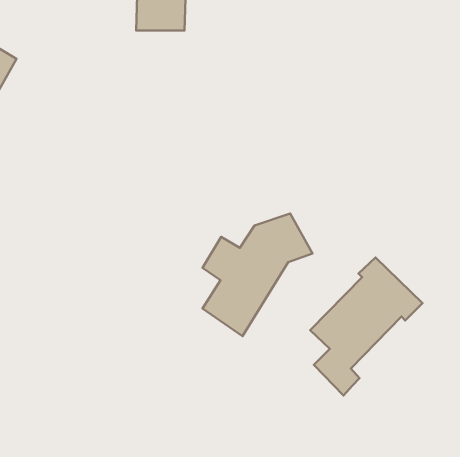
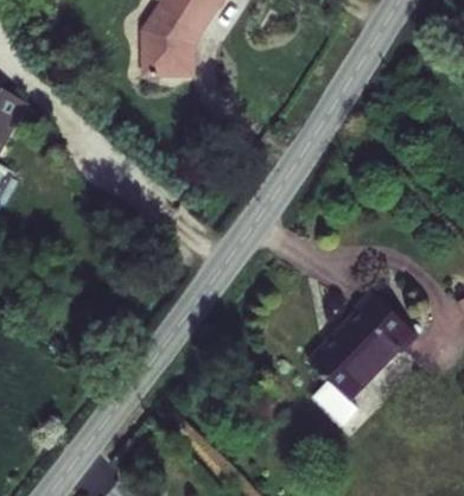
building: [203,213,313,336] -> none

